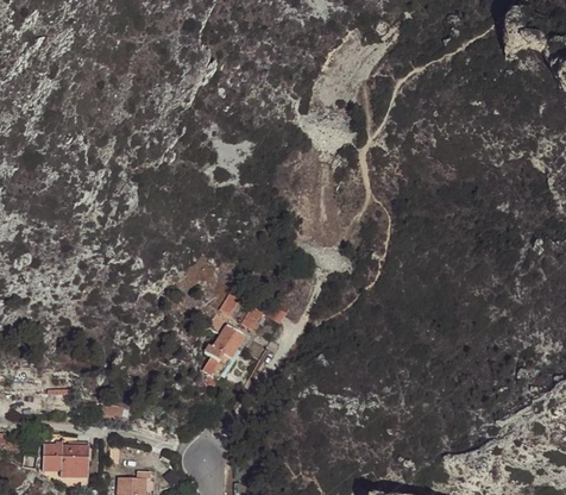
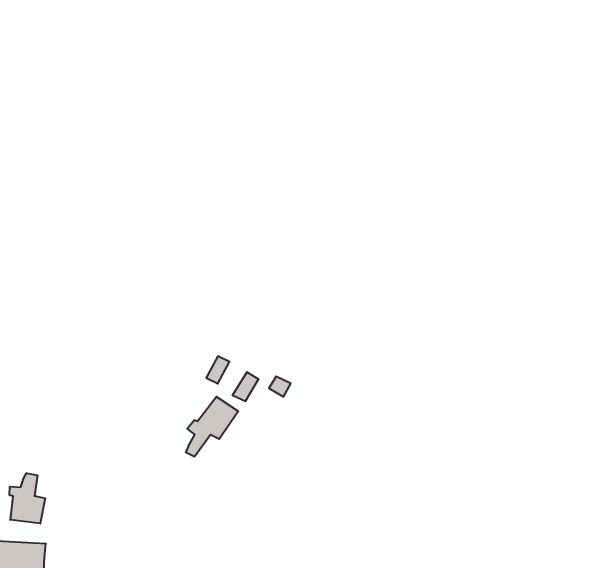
building: none -> [10,473,45,524]

